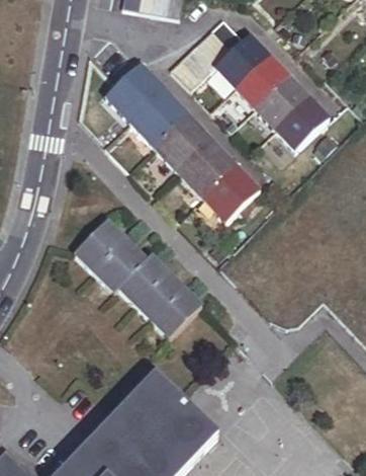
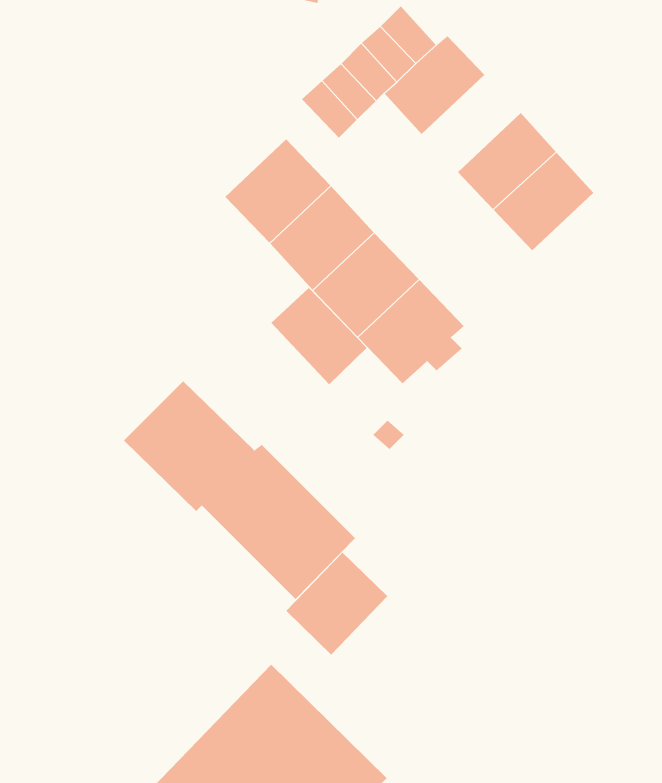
building: [236,55,289,107] -> none
building: [105,63,163,121] -> none
building: none -> [270,287,368,385]
building: none -> [285,552,388,655]

